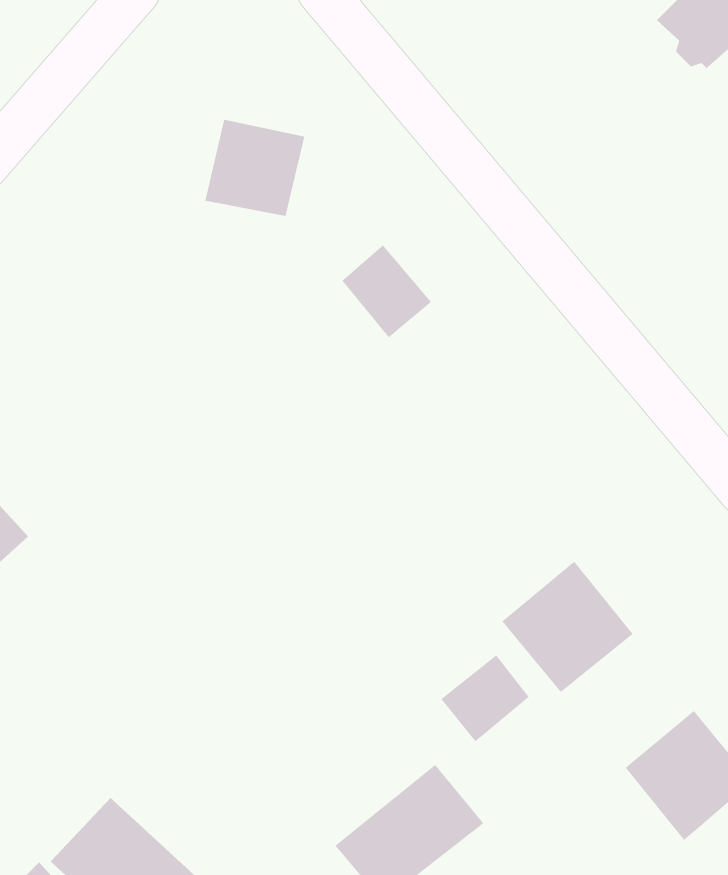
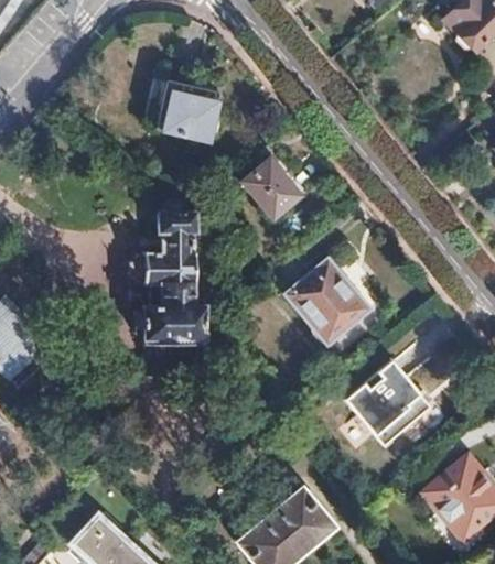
building: none -> [130,208,207,343]
building: none -> [288,261,368,344]
building: [441,654,529,742] -> none

